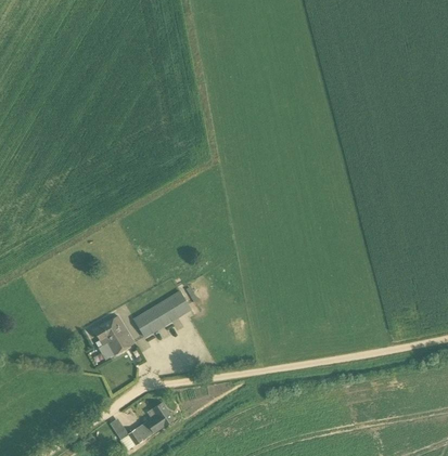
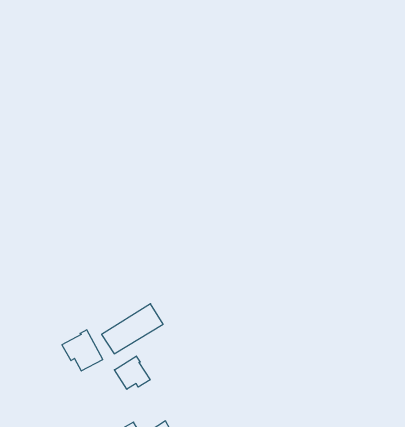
building: none -> [114,356,150,389]

